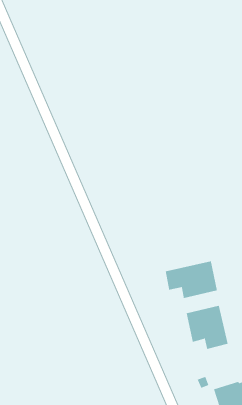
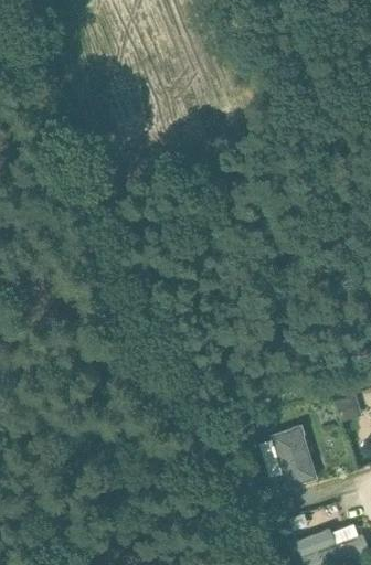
building: [165,260,218,299] -> none

